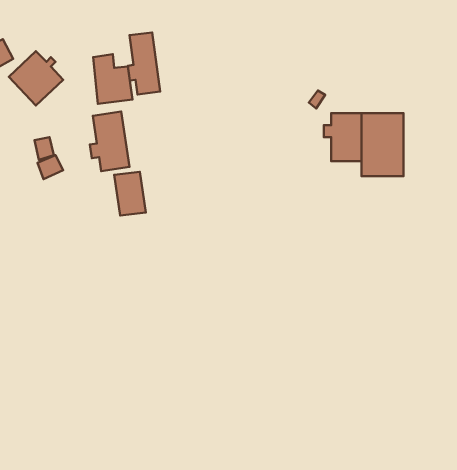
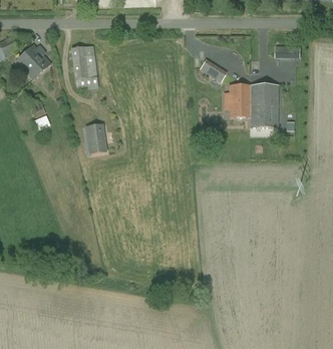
building: [128,32,160,95] -> none
building: [90,112,129,171] -> none

